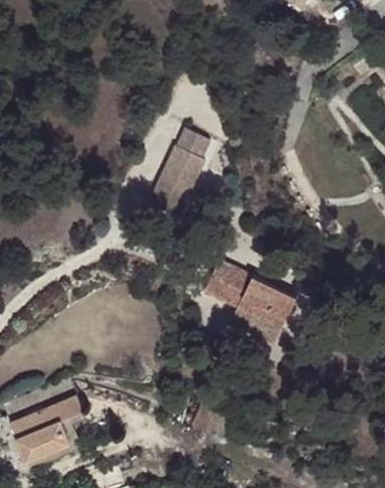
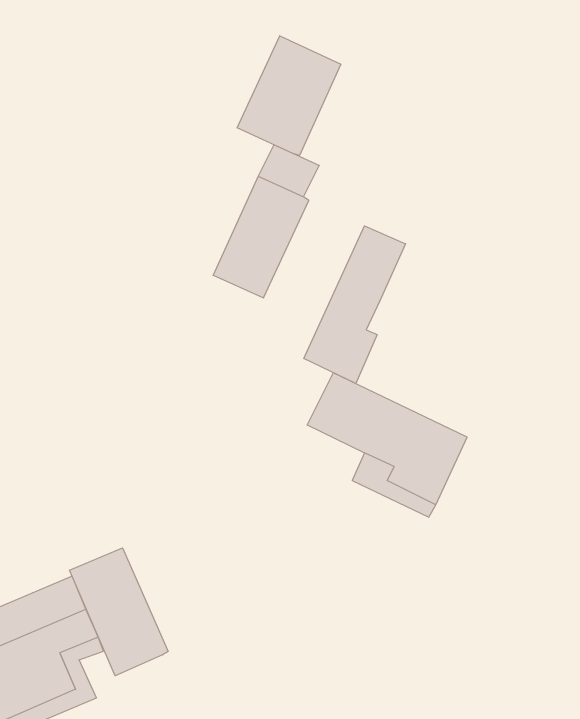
building: none -> [237,36,341,155]
building: none -> [304,226,406,384]
building: none -> [70,548,168,676]

